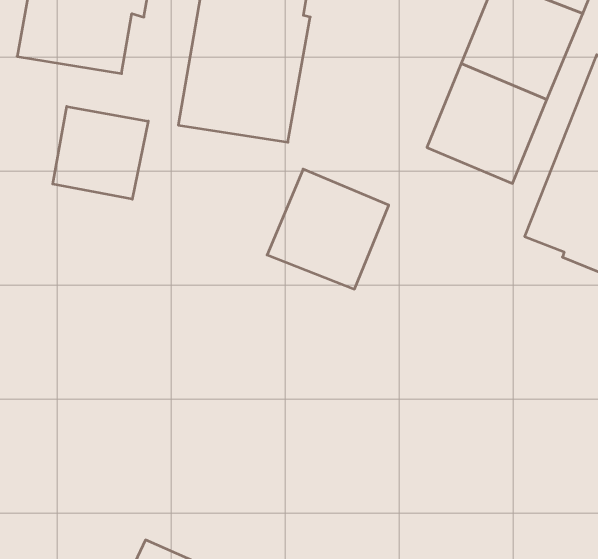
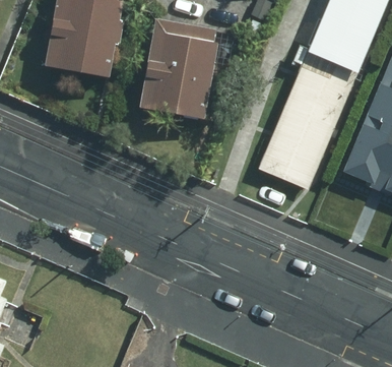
building: [53,106,148,199] -> none
building: [267,169,389,289] -> [262,119,334,190]

